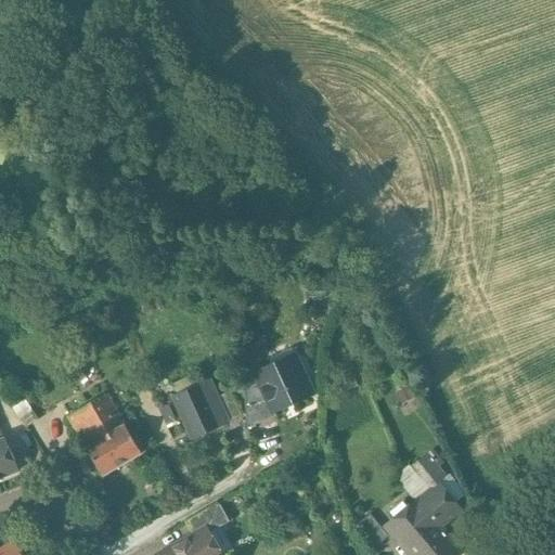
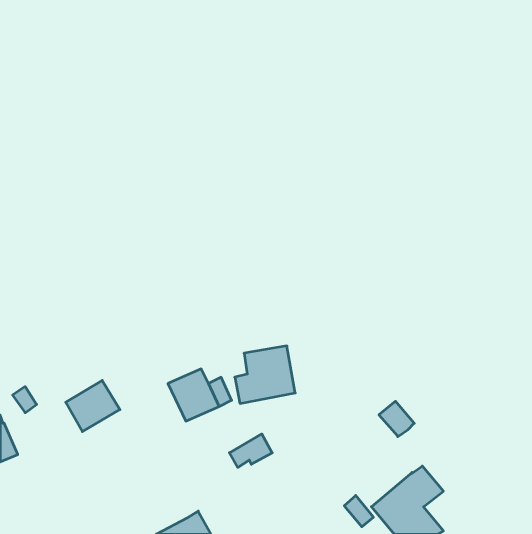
building: [87,425,142,476] -> none
building: [410,454,447,491] -> [379,401,414,437]
building: [186,503,231,538] -> [229,434,272,467]

